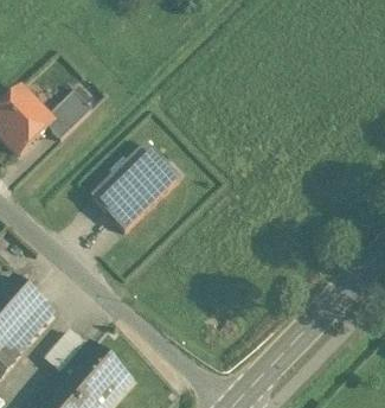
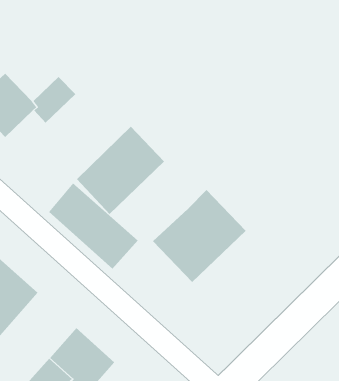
building: none -> [48,183,139,270]
building: none -> [152,189,246,283]

